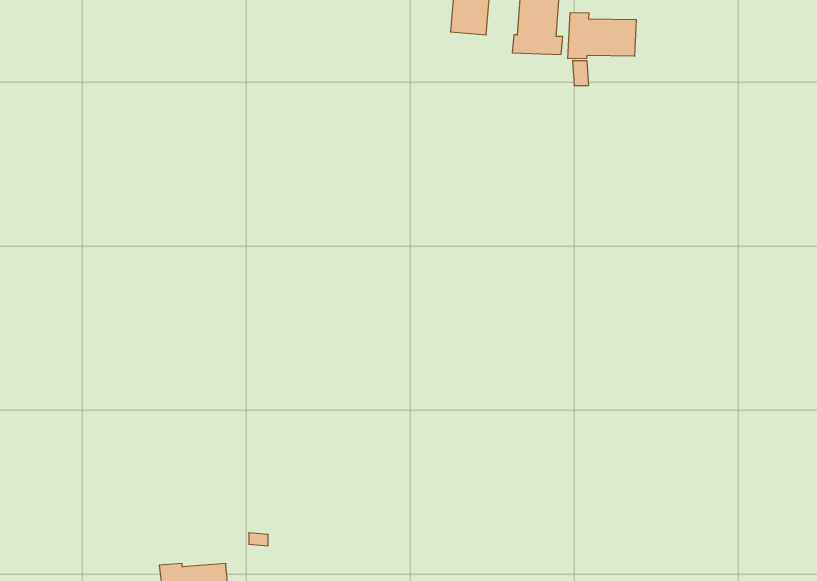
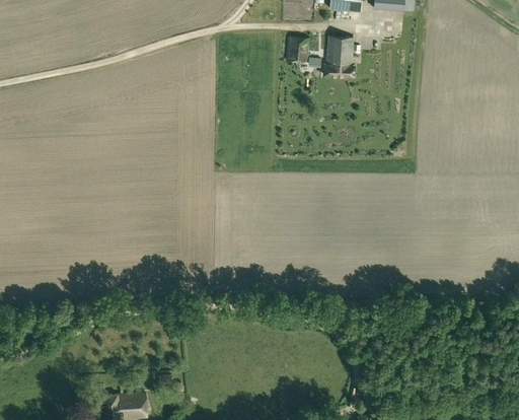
building: [568,13,636,59] -> none

